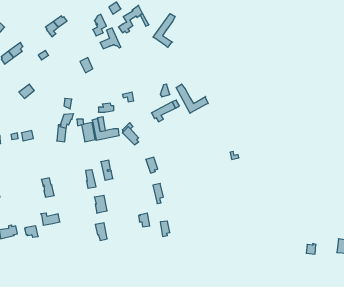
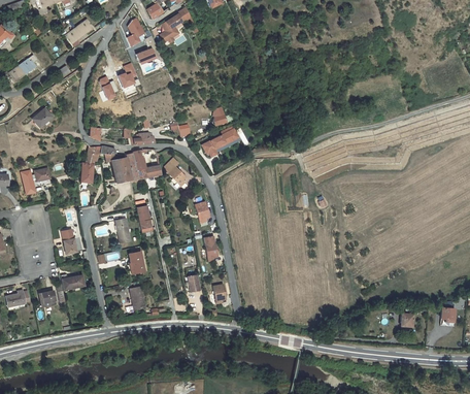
building: [153,14,175,47] -> none
building: [176,84,208,113] -> none

